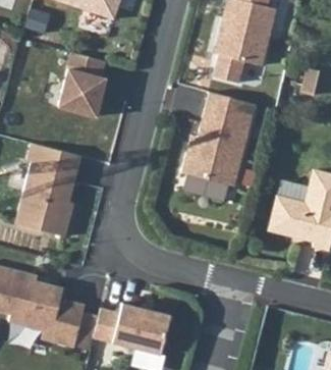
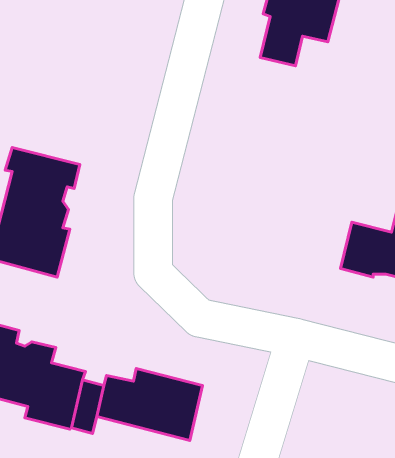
building: [58,52,107,116] -> none
building: [180,95,255,189] -> none

